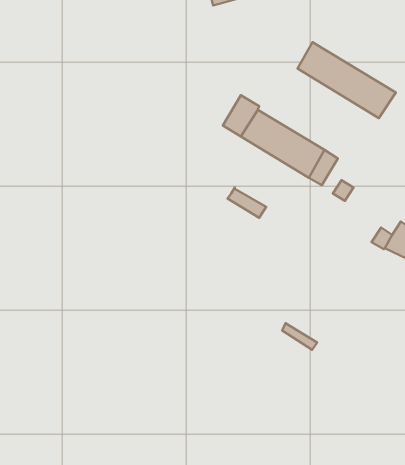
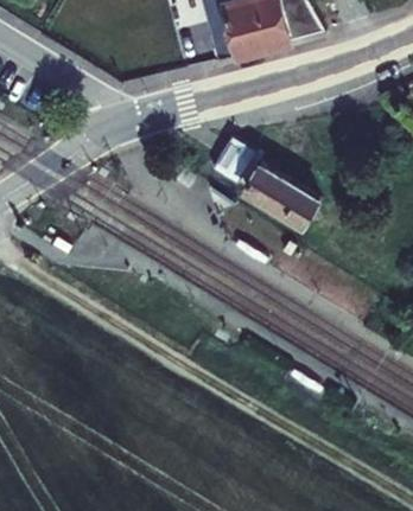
building: [297,42,396,118] -> none

